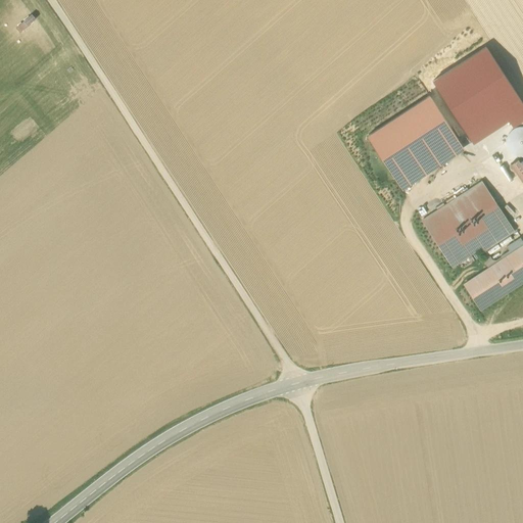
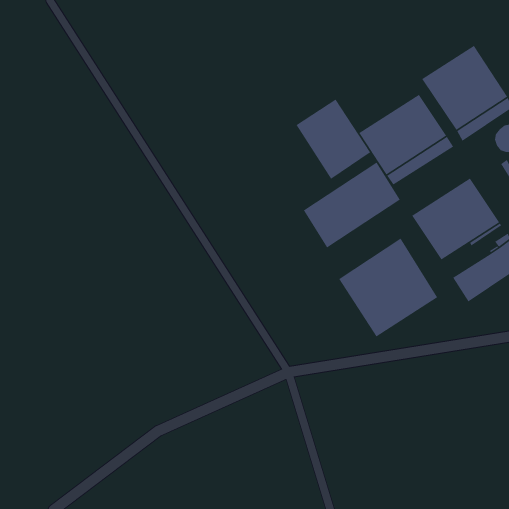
building: none -> [295,98,371,180]
building: none -> [303,161,401,249]
building: none -> [338,238,438,337]

